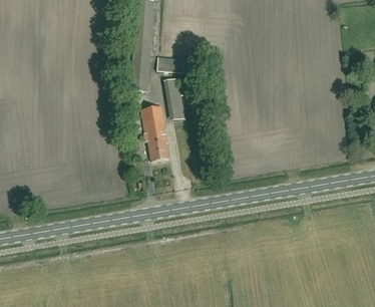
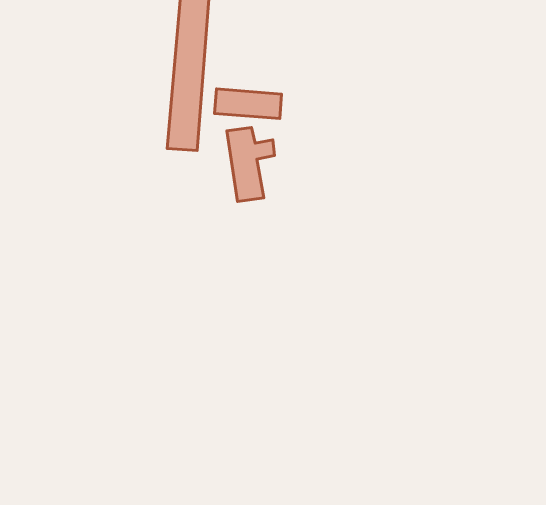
building: [140,105,167,162] -> none

